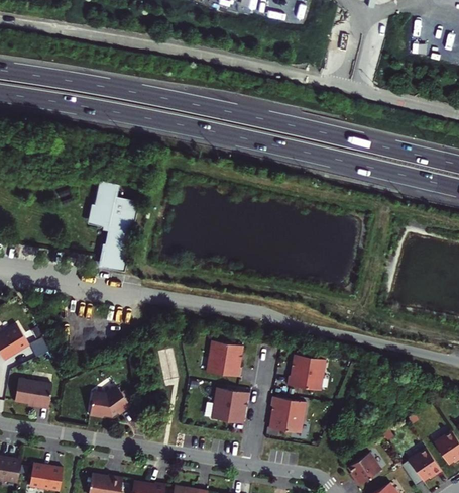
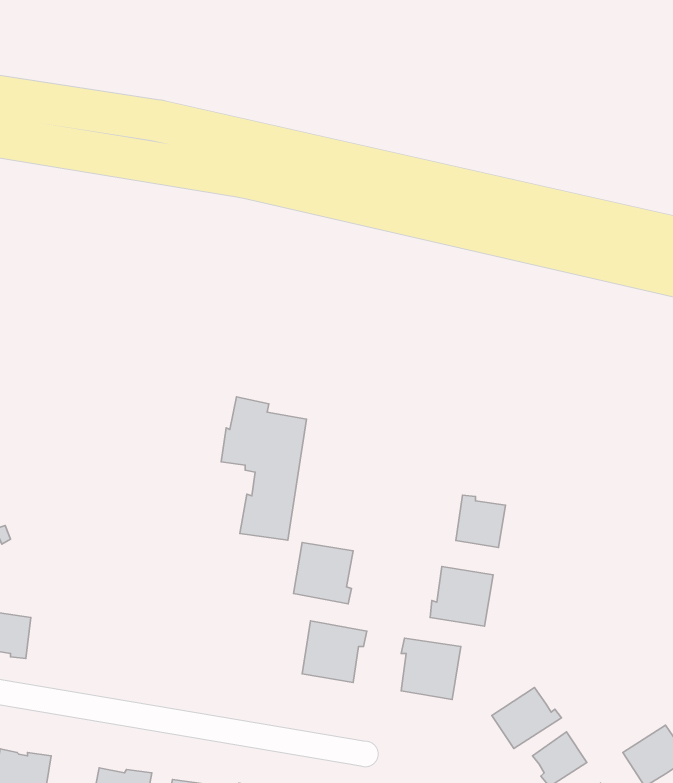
building: [89,179,139,264] -> [221,397,307,540]
building: none -> [456,495,506,548]
building: [89,387,130,418] -> none
building: none -> [492,688,562,748]

